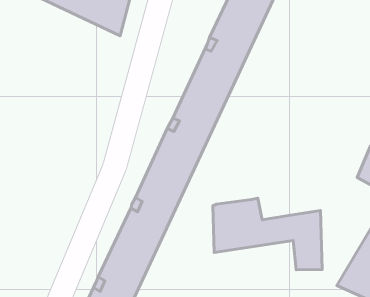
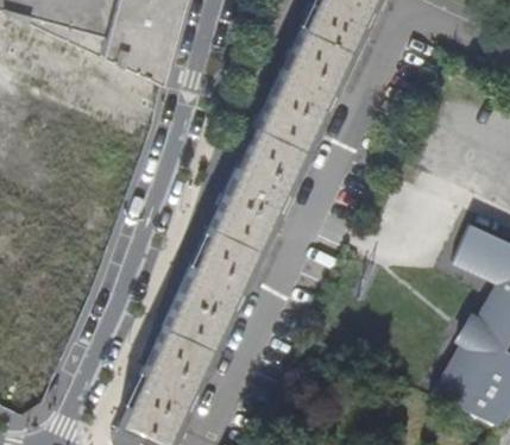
building: [213,198,322,270] -> none

